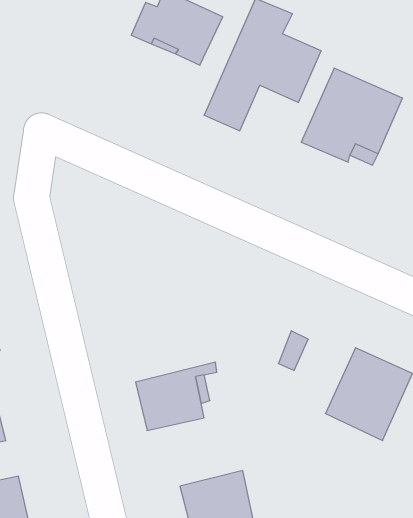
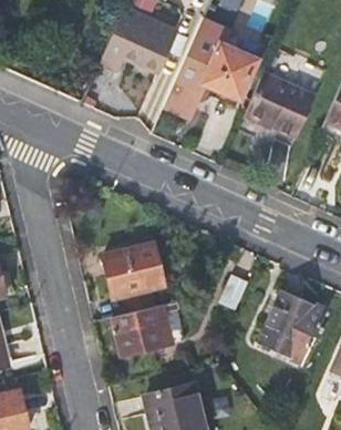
building: none -> [104,245,164,311]

